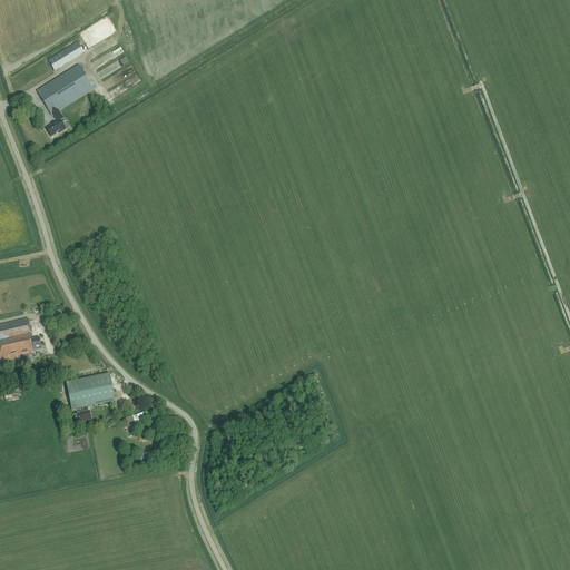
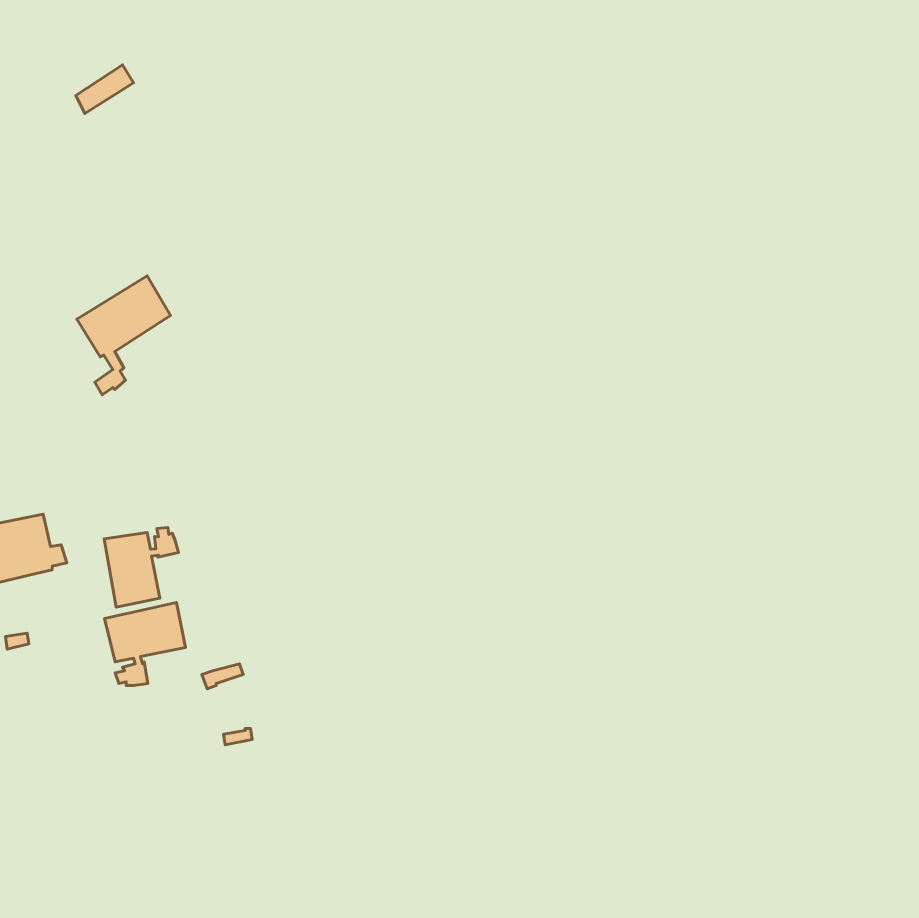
building: [35,62,92,136] -> [77,276,171,395]
building: none -> [104,528,178,607]

